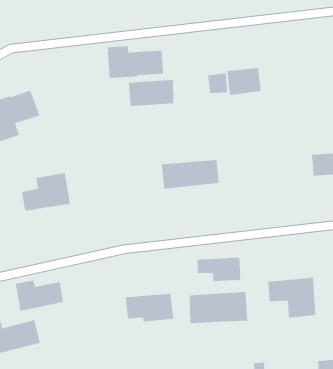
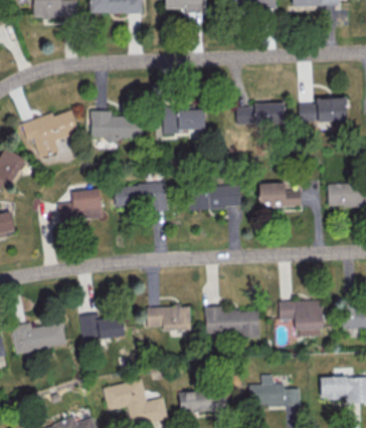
building: [107,46,164,79] -> [92,110,143,139]
building: none -> [299,97,347,123]
building: none -> [259,182,301,207]
building: none -> [115,183,167,209]
building: [197,257,241,282] -> none
building: [15,280,64,311] -> [80,313,125,342]

